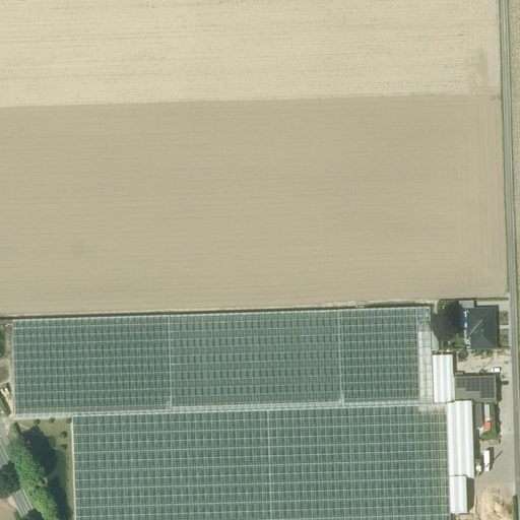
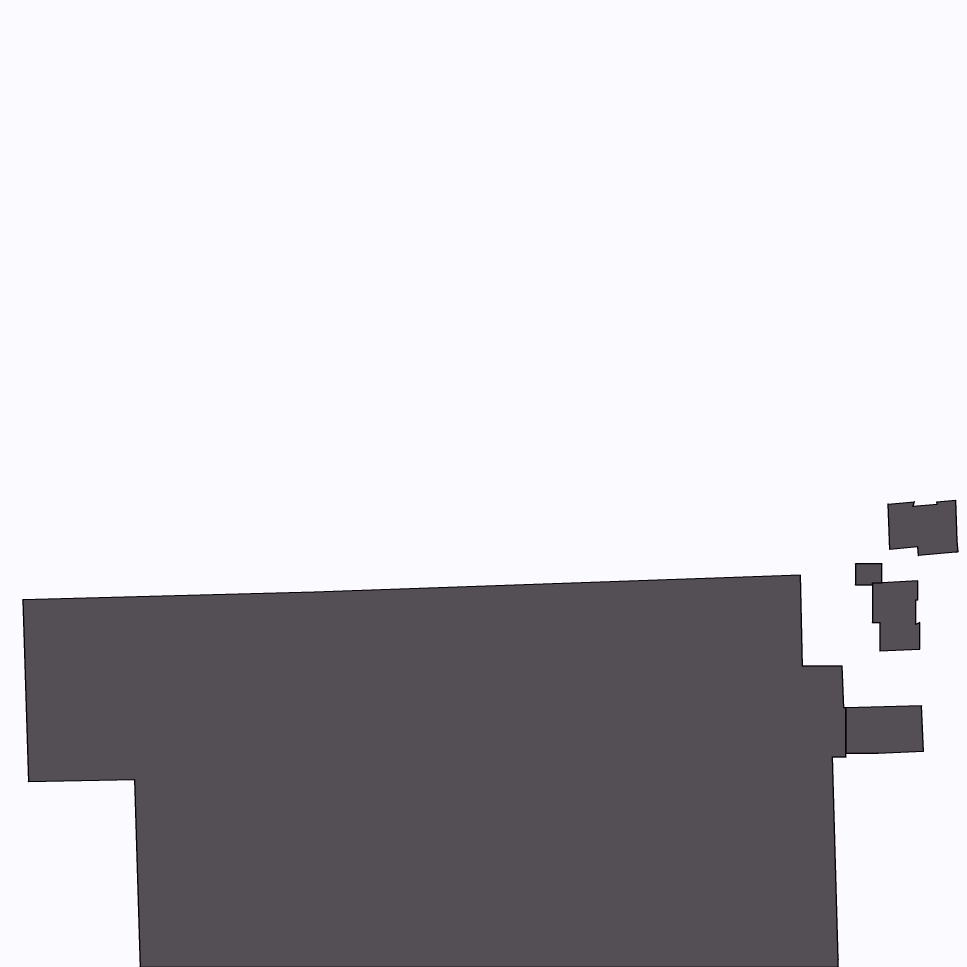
building: none -> [888,500,958,556]
building: [447,404,474,515] -> none

